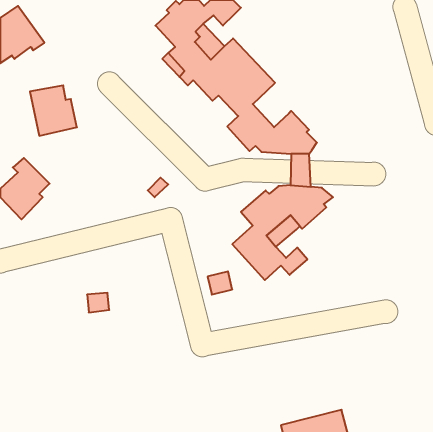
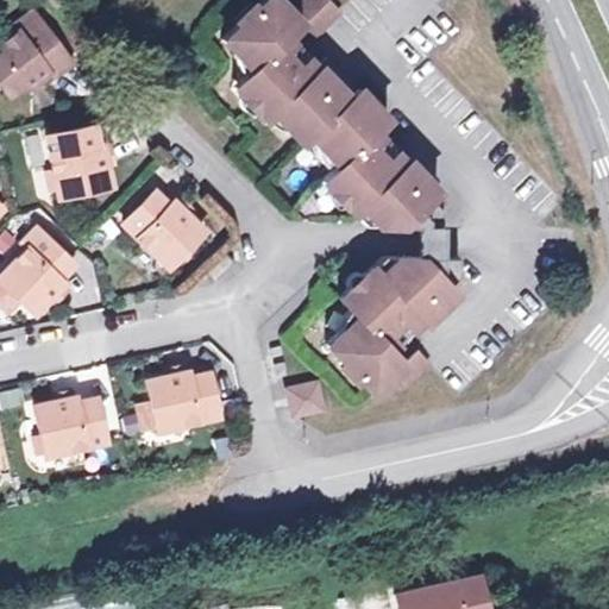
building: none -> [357,132,407,183]
building: none -> [125,189,205,264]
building: none -> [150,370,221,427]
building: none -> [36,393,108,453]

